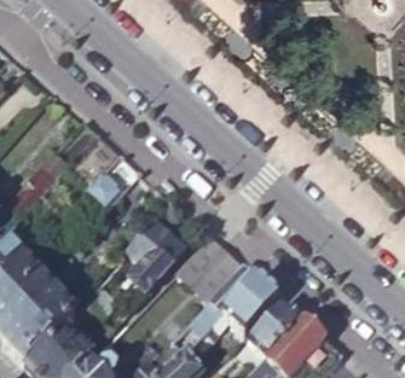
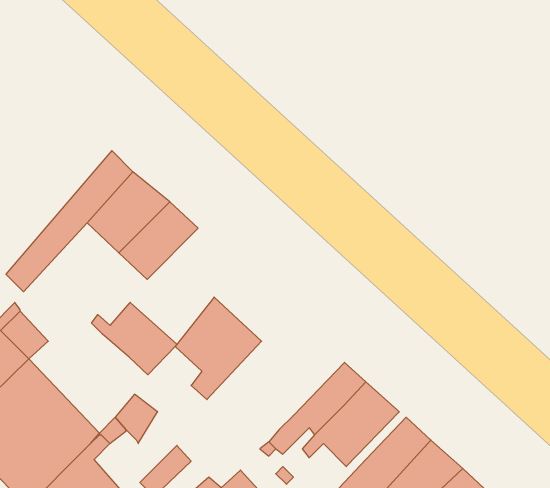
building: none -> [92,302,177,375]
building: [179,233,244,298] -> none

